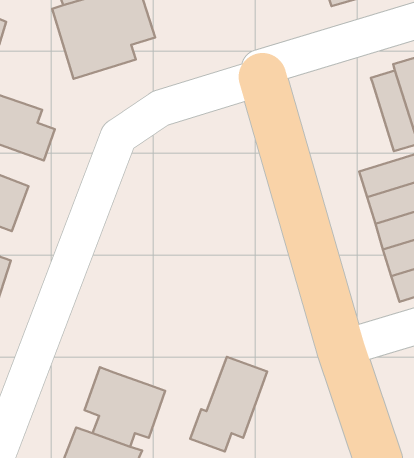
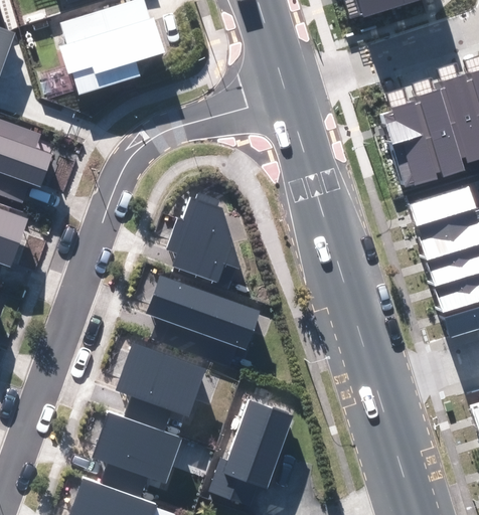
building: none -> [382,102,433,184]
building: none -> [168,194,236,289]
building: none -> [148,276,262,365]
building: none -> [116,343,206,433]

